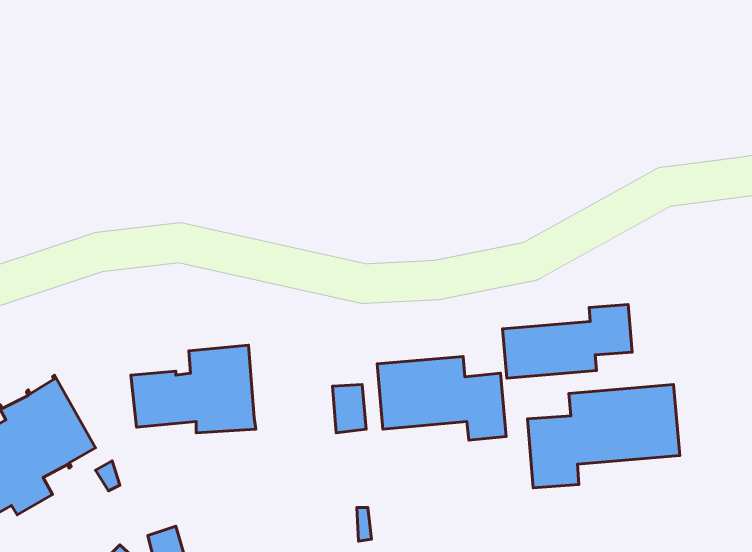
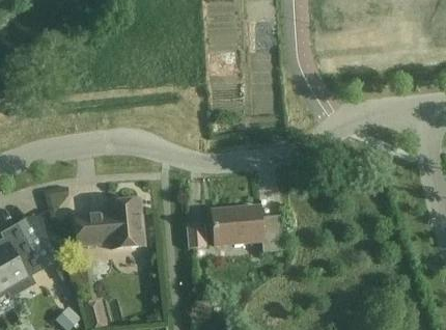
building: [503,304,632,378] -> none
building: [527,385,680,488] -> none

